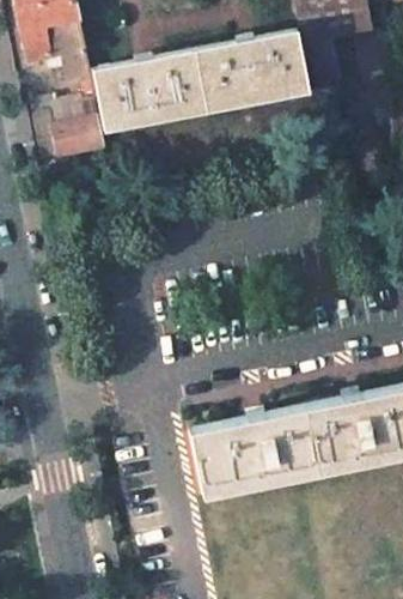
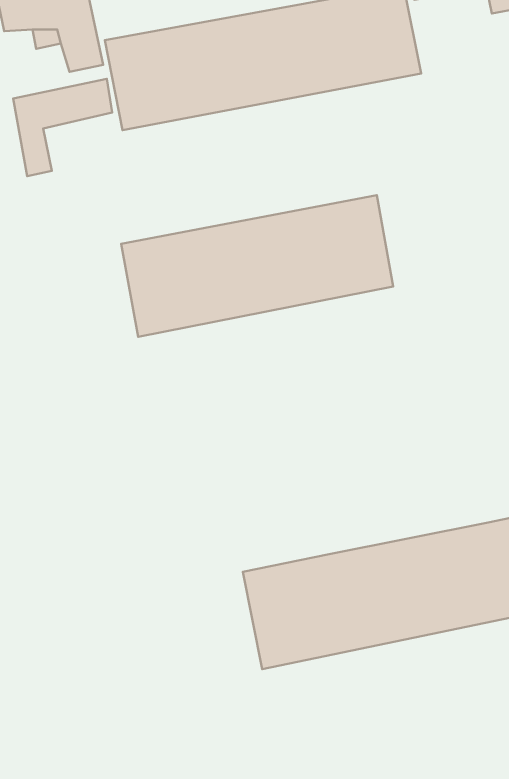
building: [54,119,106,158] -> none
building: none -> [121,195,393,337]

